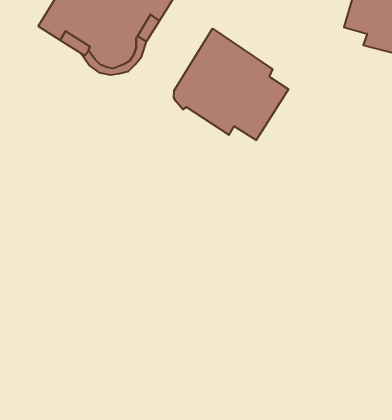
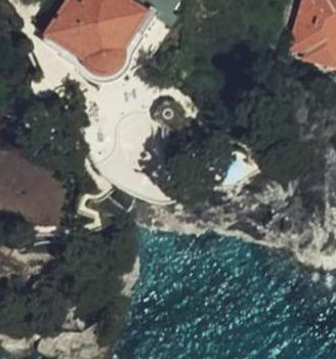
building: [174,29,288,140] -> none

